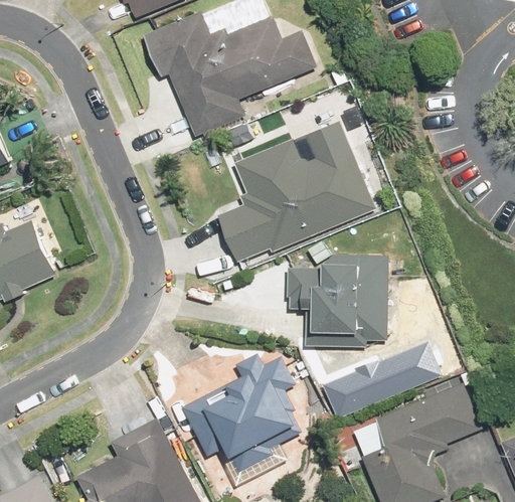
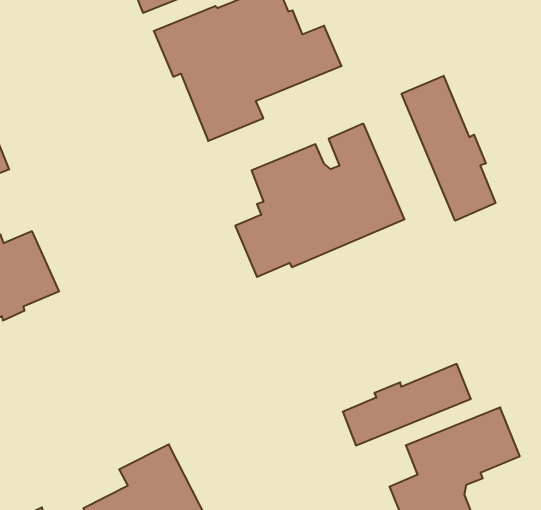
building: none -> [402,76,496,221]
building: [287,256,388,348] -> none
building: [182,353,300,474] -> none

